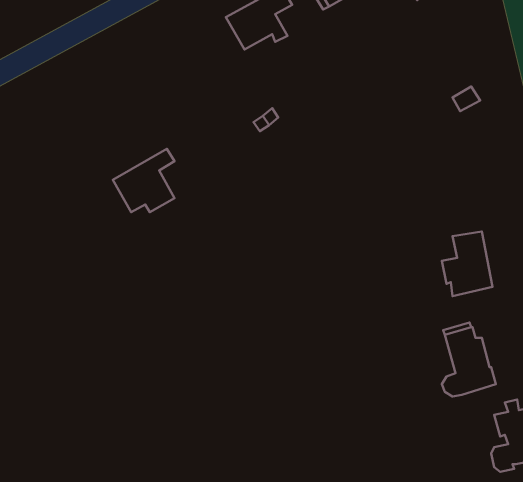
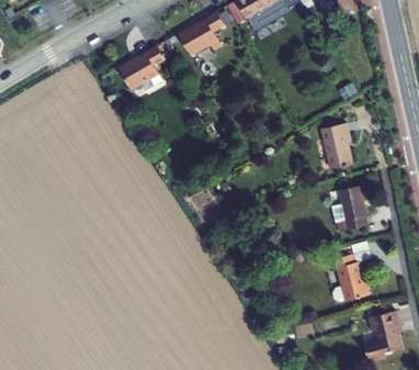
building: none -> [321,123,353,168]
building: [113,149,174,212] -> [118,45,162,90]

